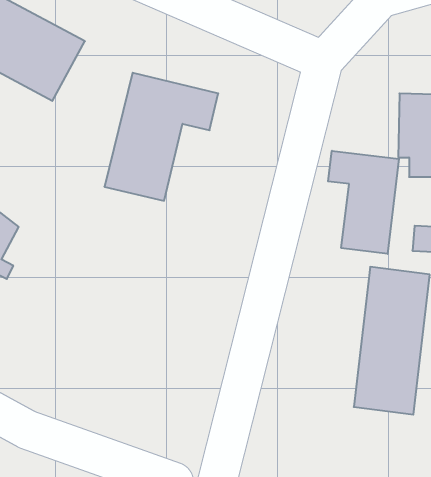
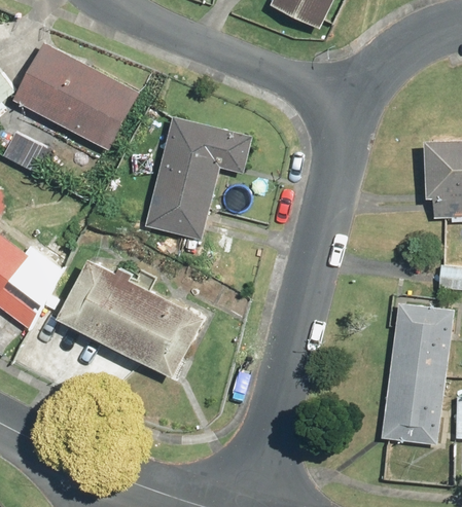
building: [328,151,399,254] -> none
building: none -> [57,258,204,378]

